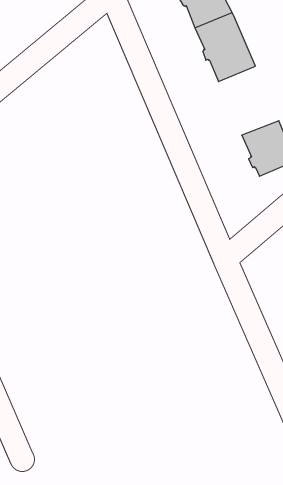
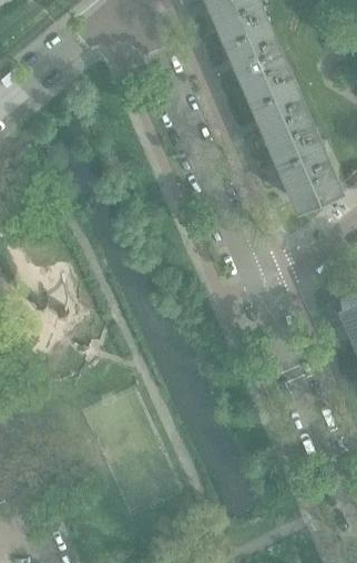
building: none -> [249,82,318,161]

